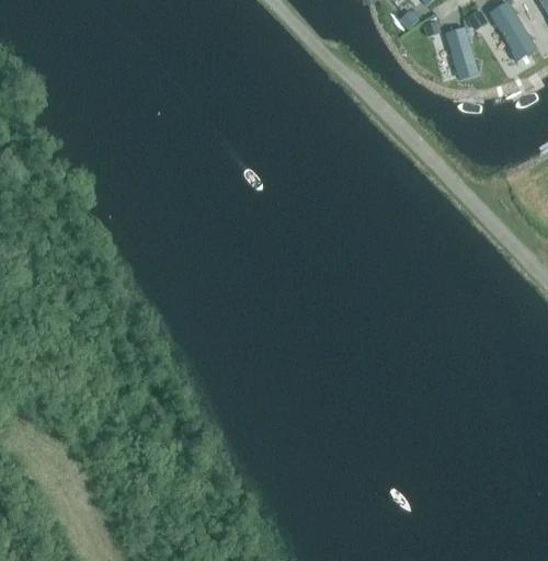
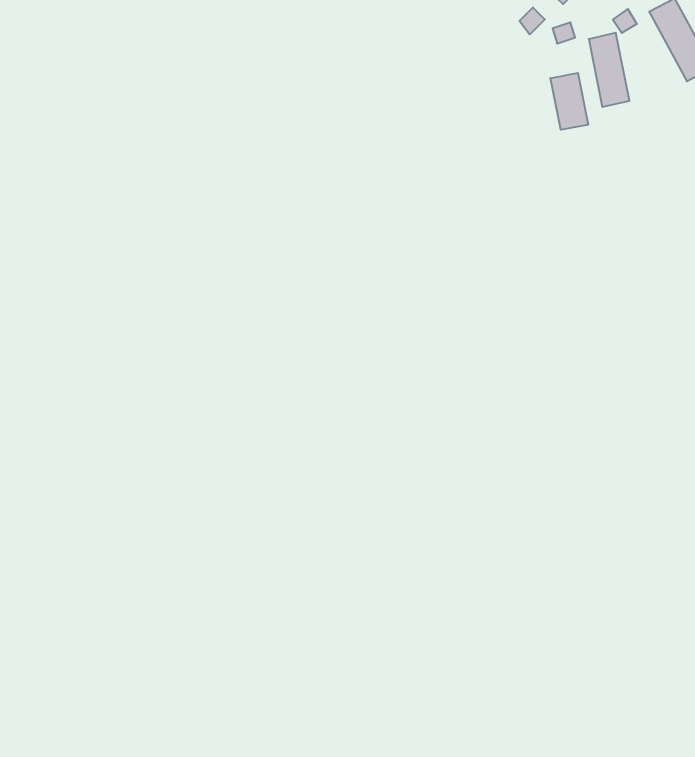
building: none -> [550,73,588,130]

